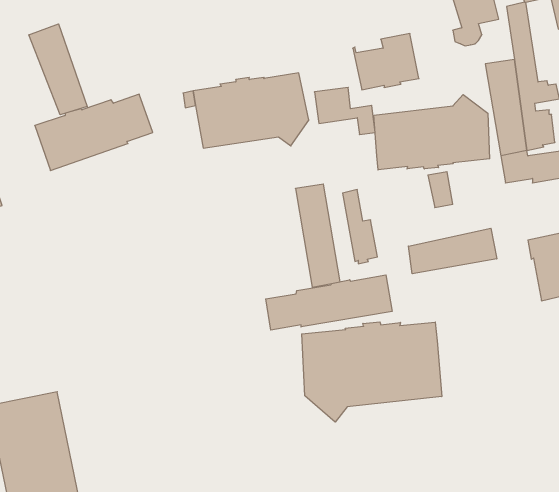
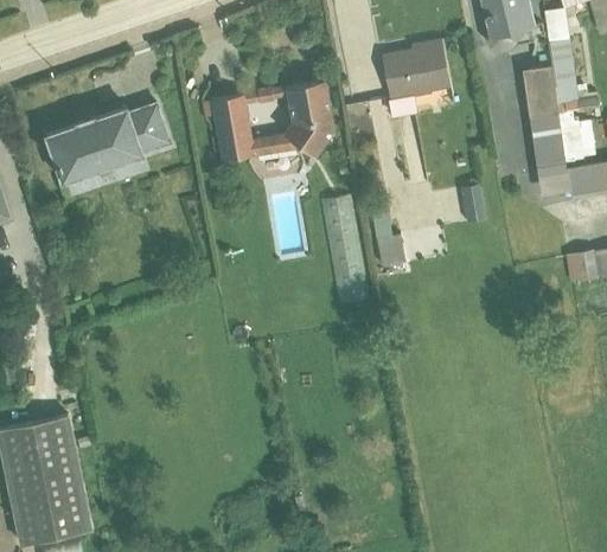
building: [29,24,87,115] -> none
building: [374,95,490,170] -> none
building: [408,228,497,274] -> none
building: [266,275,392,330] -> none
building: [302,322,442,422] -> none

